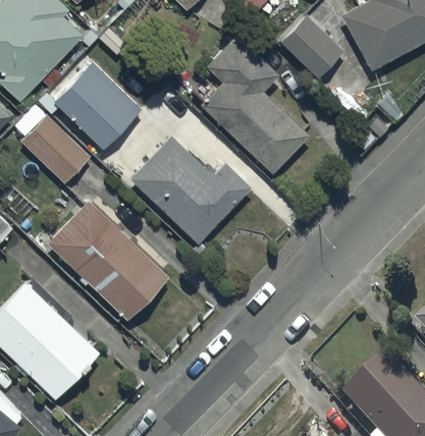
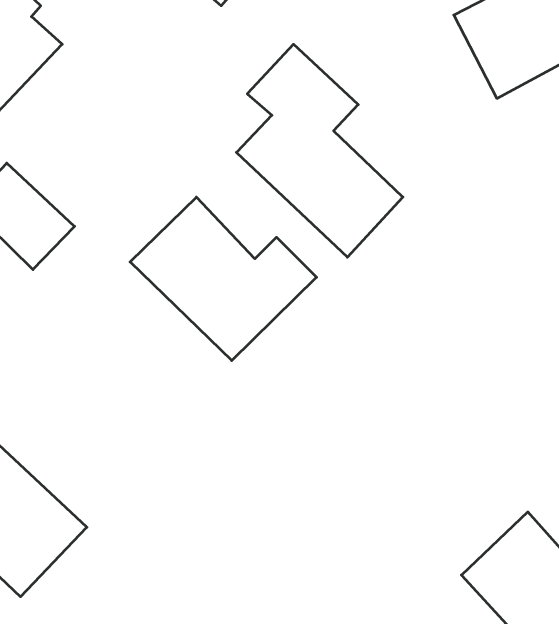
building: [280,16,343,79] -> none
building: [55,62,143,150] -> none
building: [47,202,169,322] -> none

